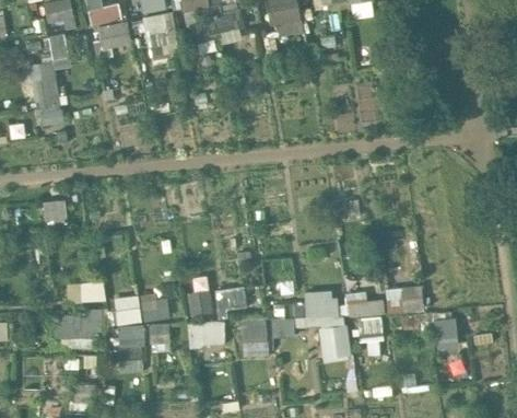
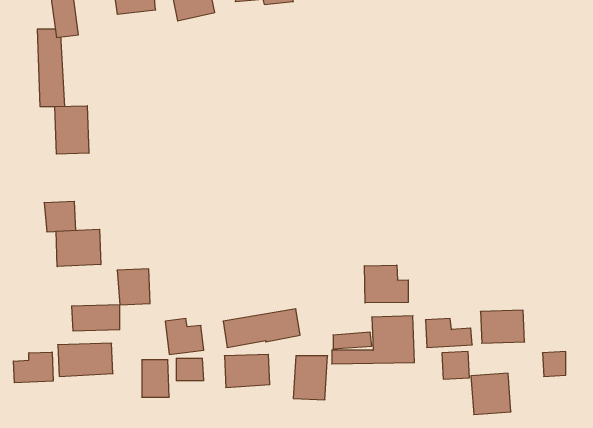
building: none -> [55,106,89,154]
building: none -> [56,229,101,267]
building: none -> [364,265,408,303]
building: [113,297,139,325] -> [117,269,150,305]
building: none -> [13,352,53,383]
building: [318,326,350,359] -> [471,373,511,415]

